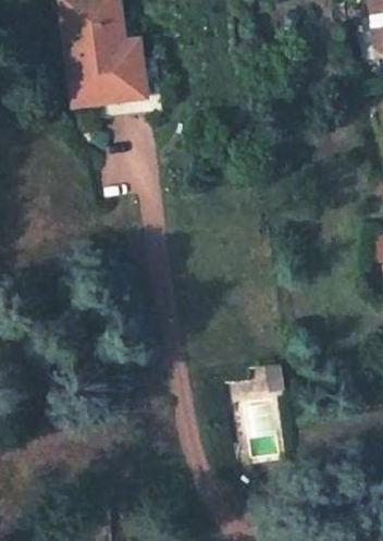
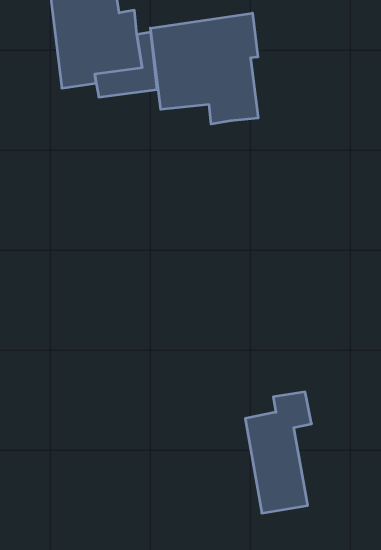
building: none -> [150,13,258,124]

